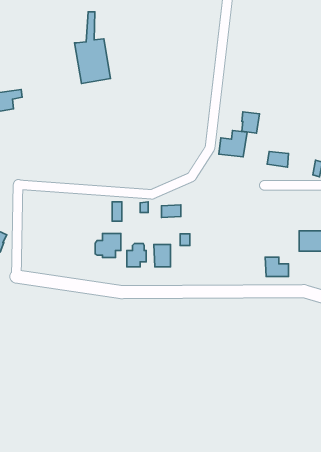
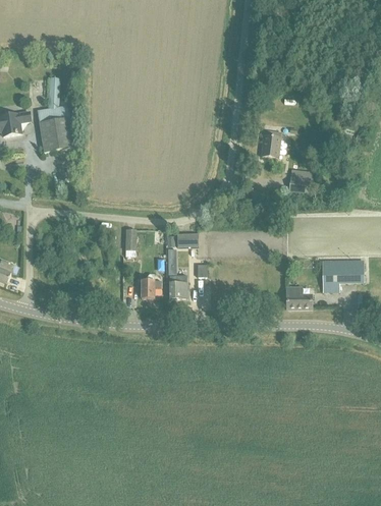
building: [75,12,110,83] -> [37,76,74,152]
building: [219,130,247,157] -> none
building: [95,233,121,258] -> none

